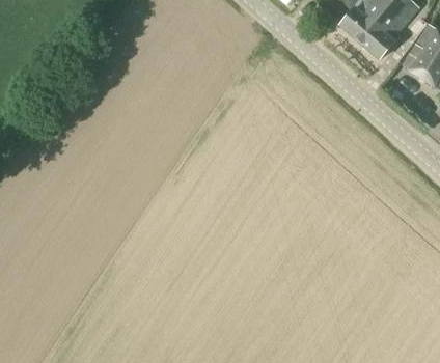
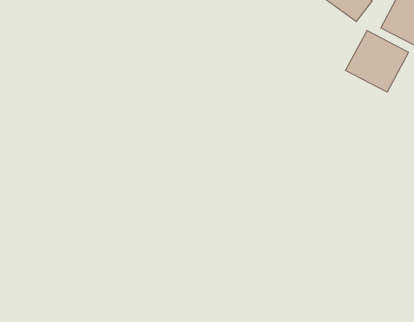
building: none -> [346,30,408,92]

